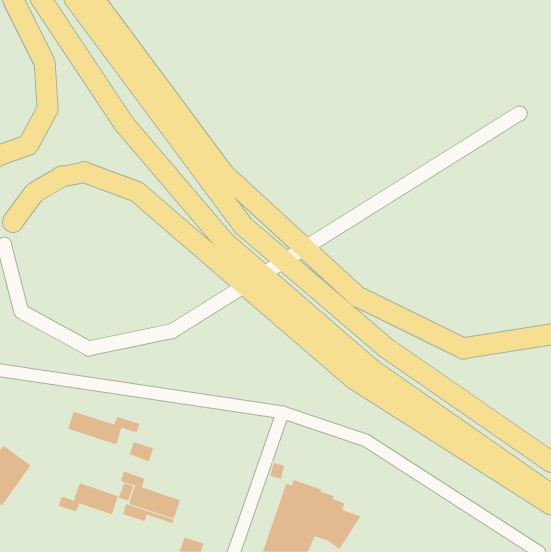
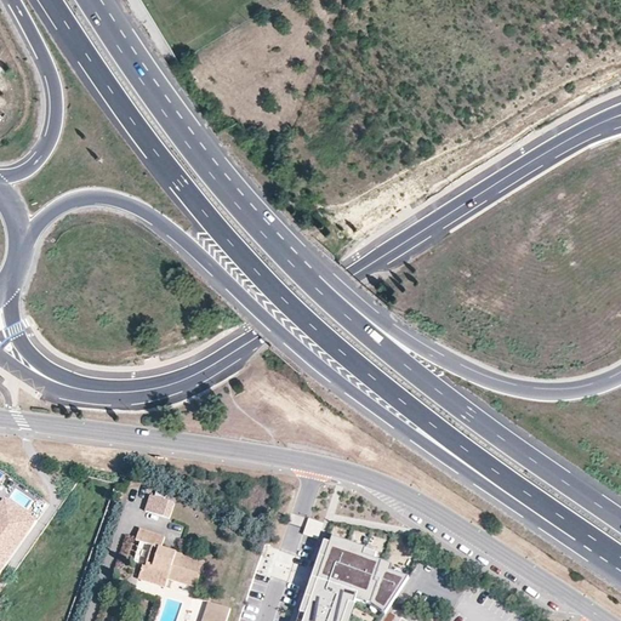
building: [67,411,140,445] -> none
building: [58,482,119,515] -> none

